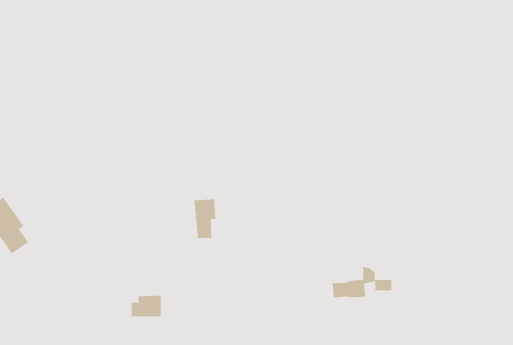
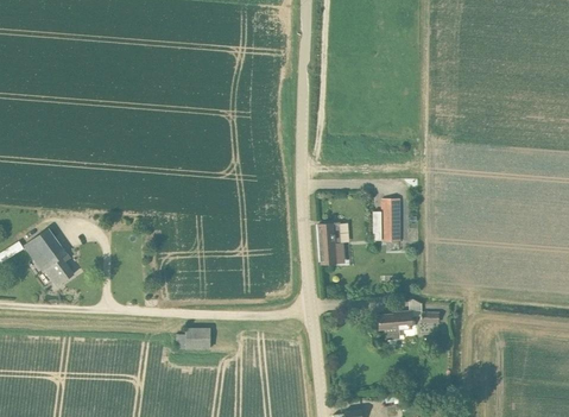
building: none -> [383,200,402,241]
building: [194,199,216,239] -> [318,223,341,264]

